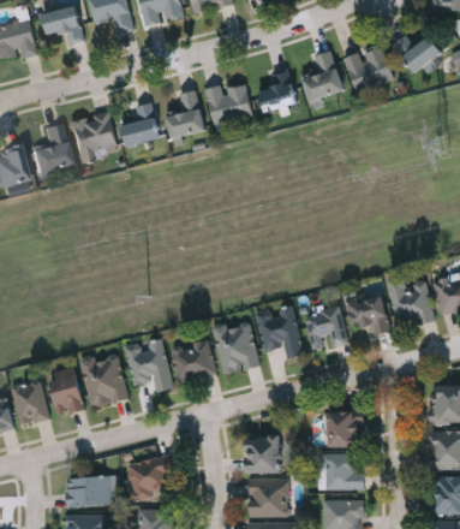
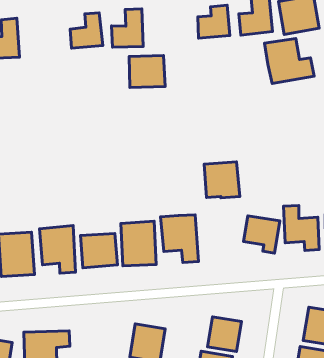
building: [207,82,251,123] -> [129,56,165,87]
building: none -> [264,38,314,84]
building: [70,112,115,162] -> none
building: [303,307,347,351] -> [204,162,240,198]

